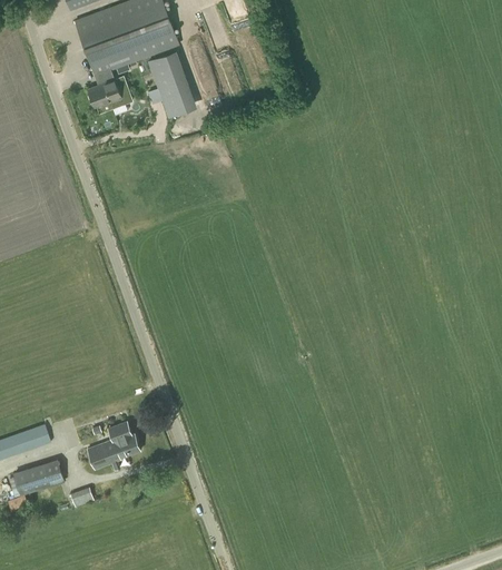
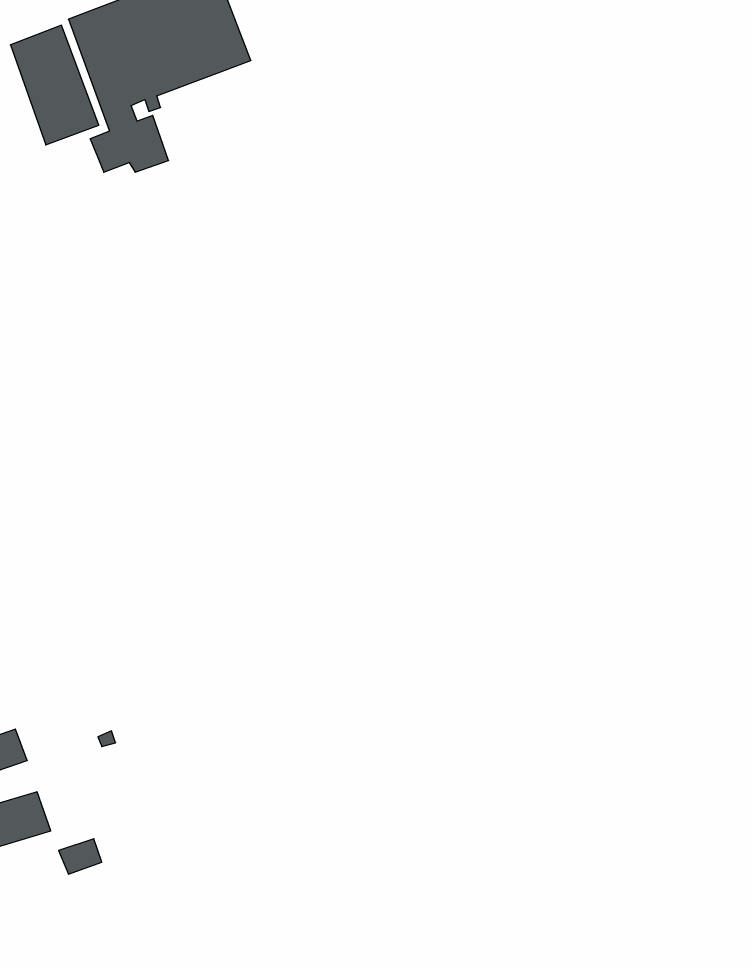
building: [147,50,197,118] -> [10,25,99,145]
building: [87,421,140,470] -> none

